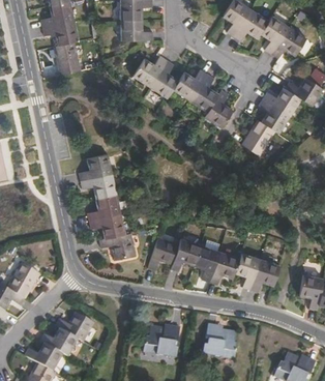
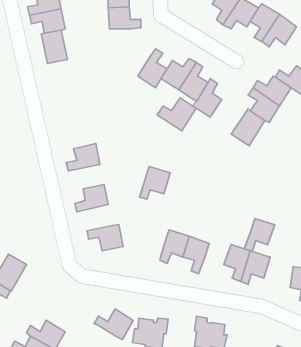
building: [131,55,167,87] -> none
building: none -> [157,98,196,131]
building: [81,174,116,198] -> none
building: [89,213,124,238] -> none
building: [148,237,178,269] -> [140,167,170,199]
building: [209,252,239,284] -> [244,218,275,251]
building: [55,311,93,341] -> [94,309,133,339]

